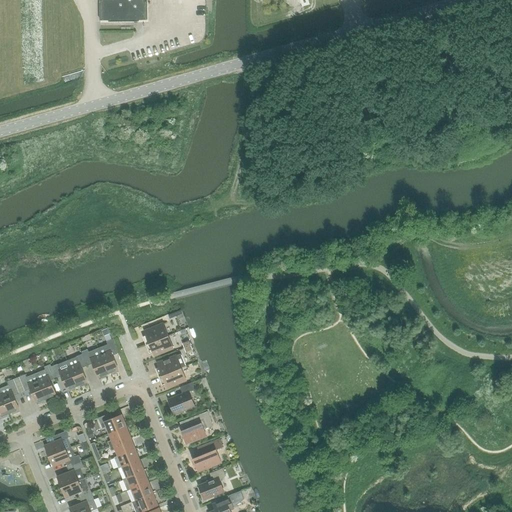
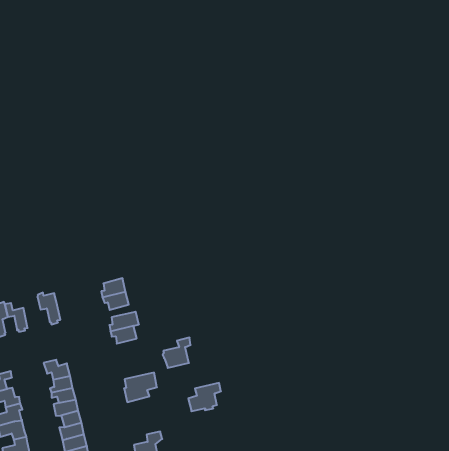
building: [97,338,117,373] -> none
building: [66,353,86,385] -> none
building: [167,381,194,414] -> [163,338,191,368]
building: [191,438,222,470] -> [188,383,221,411]

